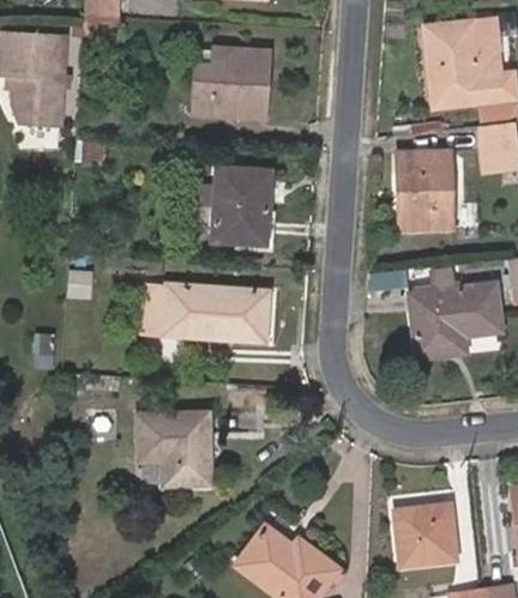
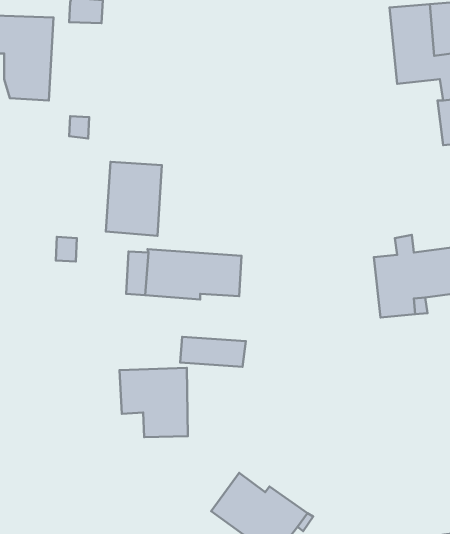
building: [193,48,269,117] -> none
building: [398,151,451,228] -> none
building: [211,165,271,244] -> [106,162,162,236]
building: none -> [180,337,246,367]
building: [393,503,457,567] -> none

